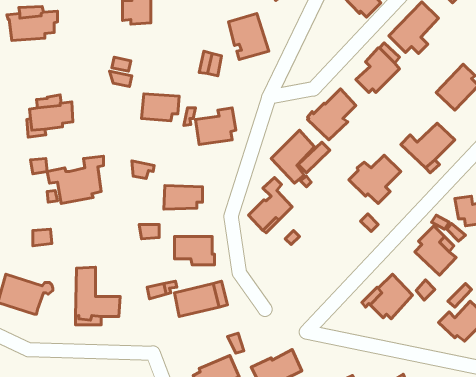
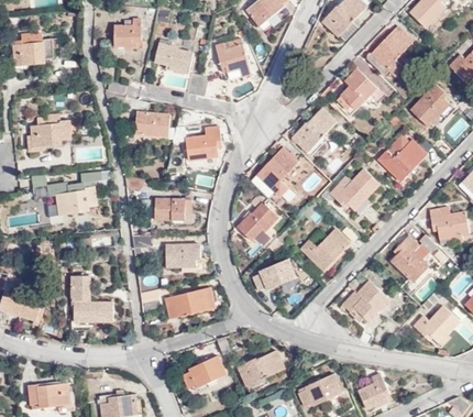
building: none -> [156,42,194,73]
building: none -> [299,230,347,270]
building: none -> [251,257,294,290]

